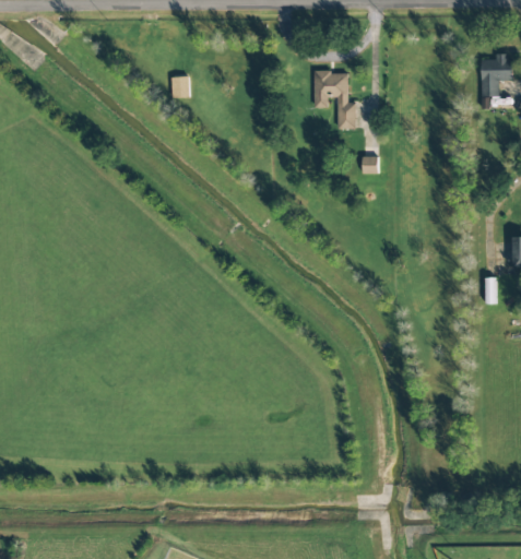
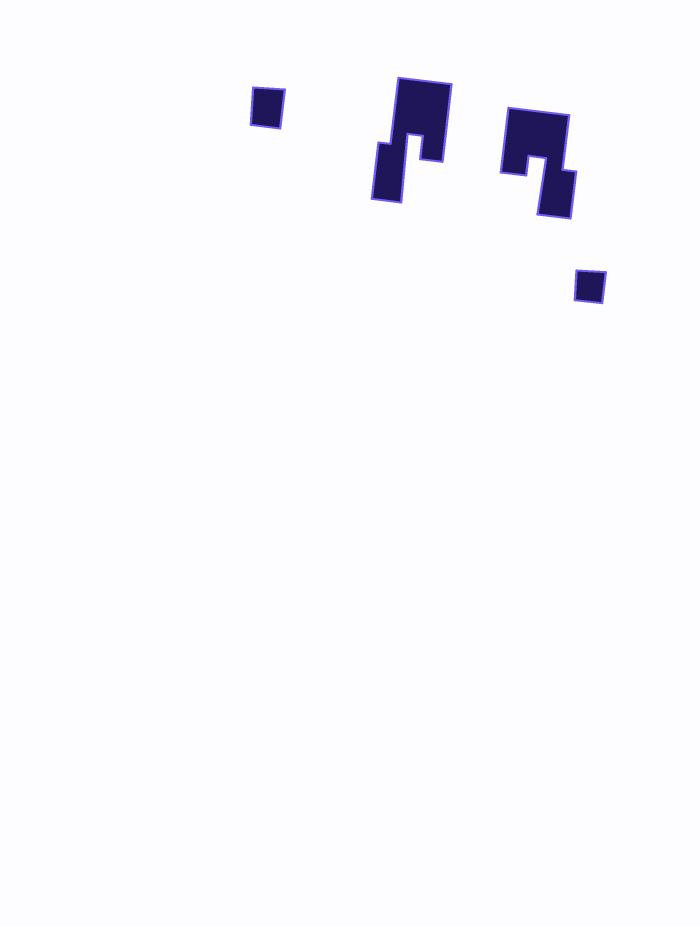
building: none -> [372,78,452,202]

